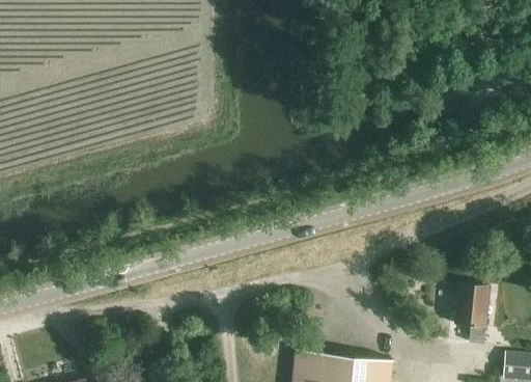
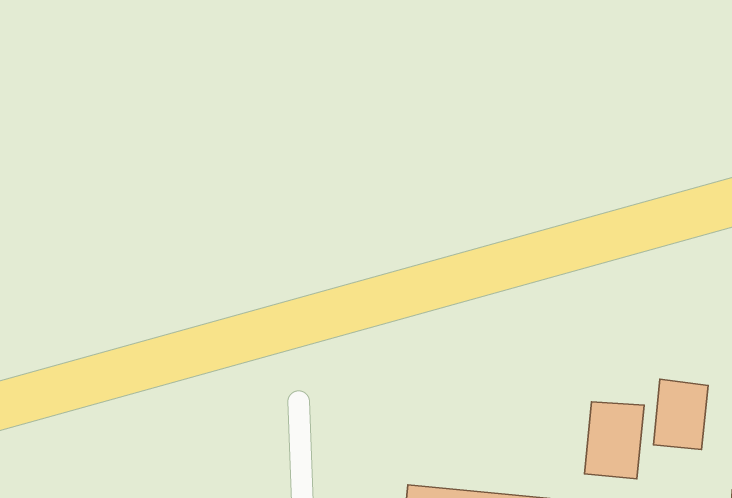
building: none -> [584,402,644,479]

